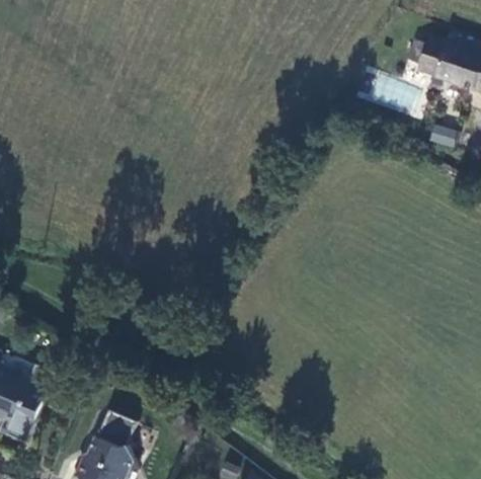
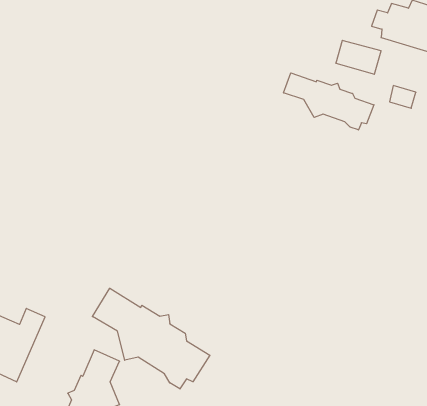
building: none -> [284,73,374,130]
building: none -> [92,288,210,389]

